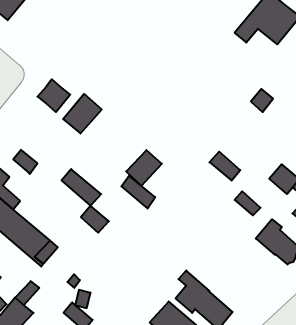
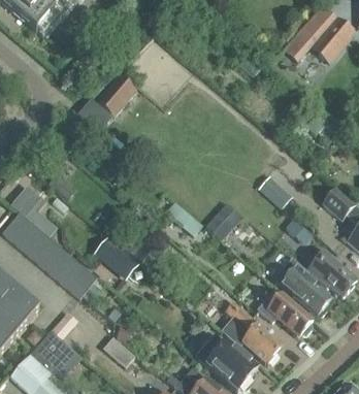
building: [63,94,102,134] -> [95,74,136,117]
building: [126,150,162,186] -> [204,202,242,240]
building: [62,169,101,206] -> [99,237,141,276]
building: none -> [273,259,330,316]
building: none -> [258,288,313,335]

